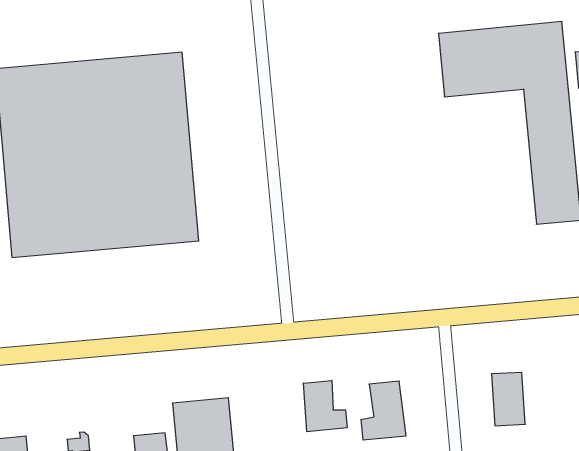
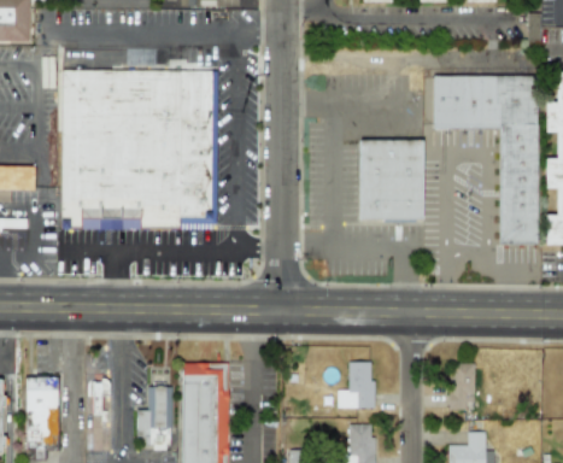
building: none -> [359,139,423,219]
building: [303,380,347,432] -> none

